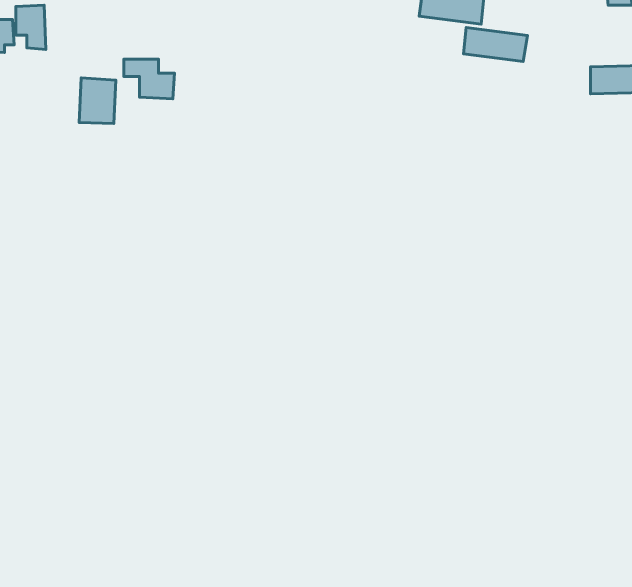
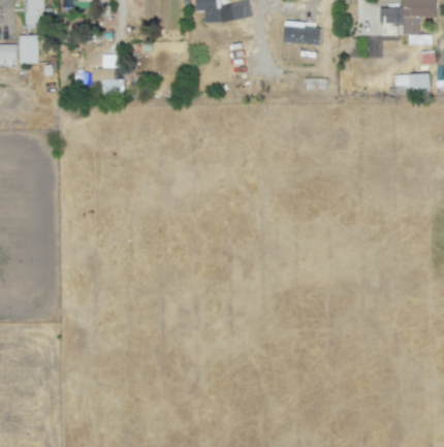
building: [464,28,528,62] -> none
building: [79,78,116,123] -> none

